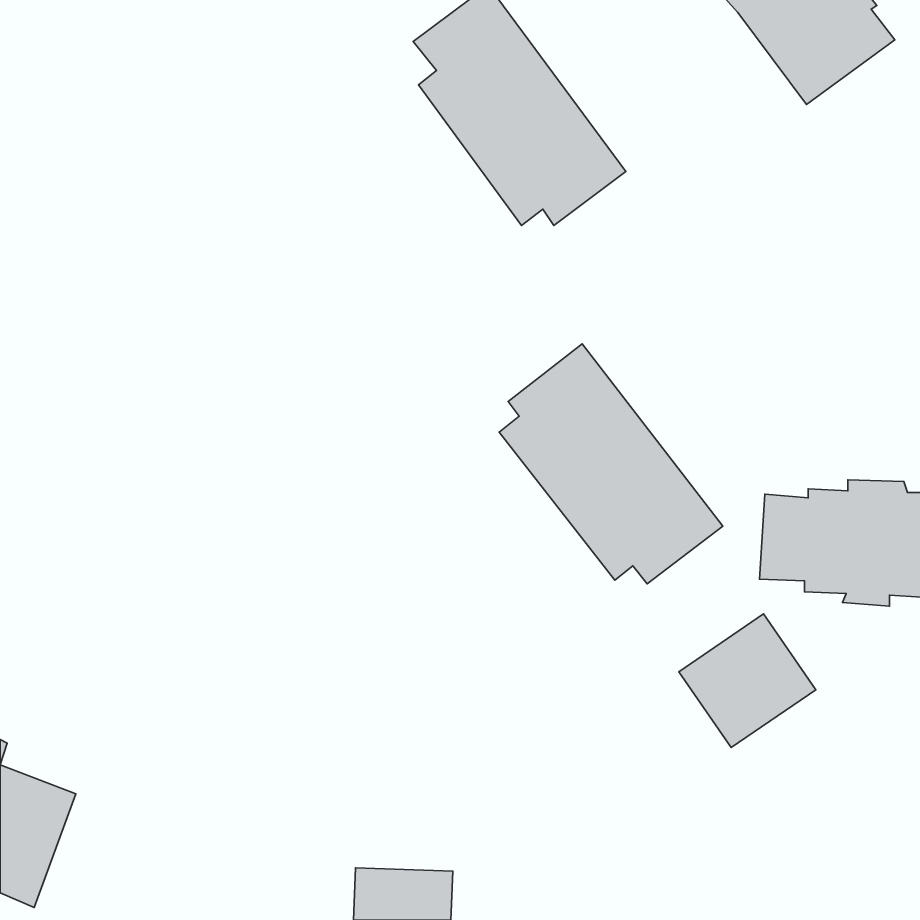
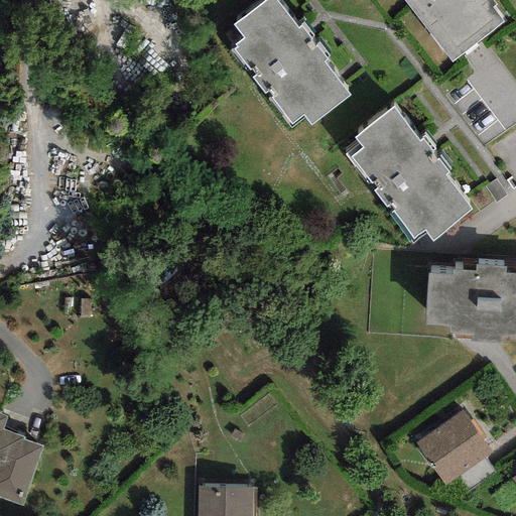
building: [499,344,723,584] -> [347,104,472,238]
building: [679,614,816,747] -> [415,410,492,485]

